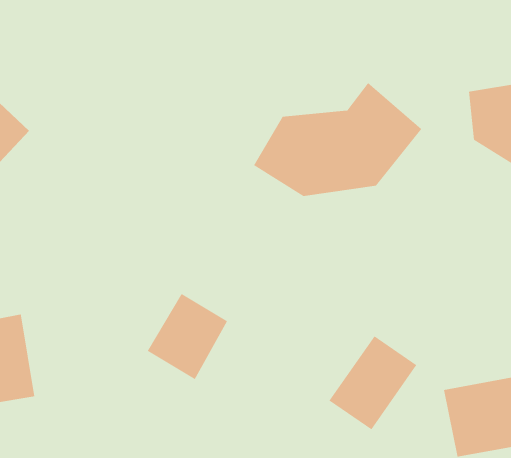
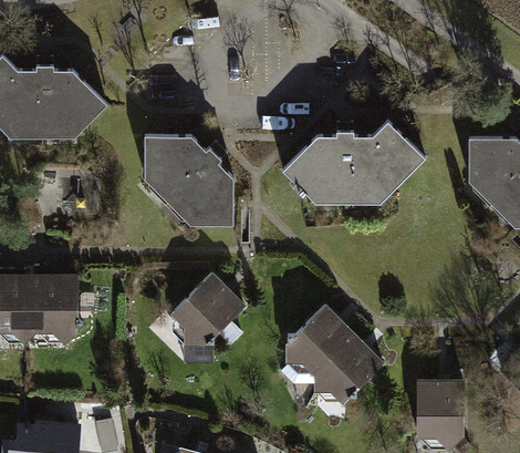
building: none -> [146,137,237,234]
building: none -> [283,299,360,375]

